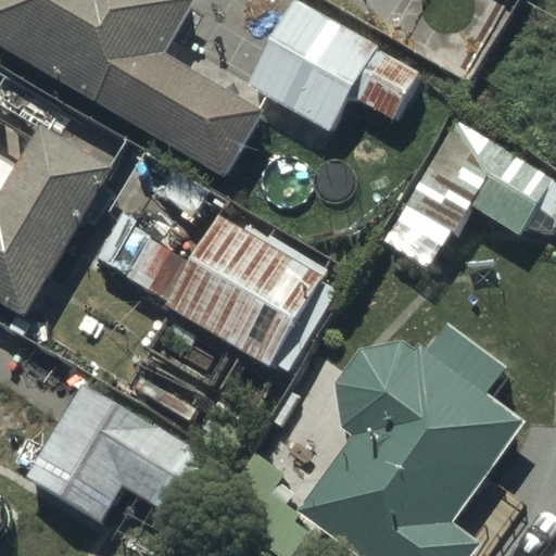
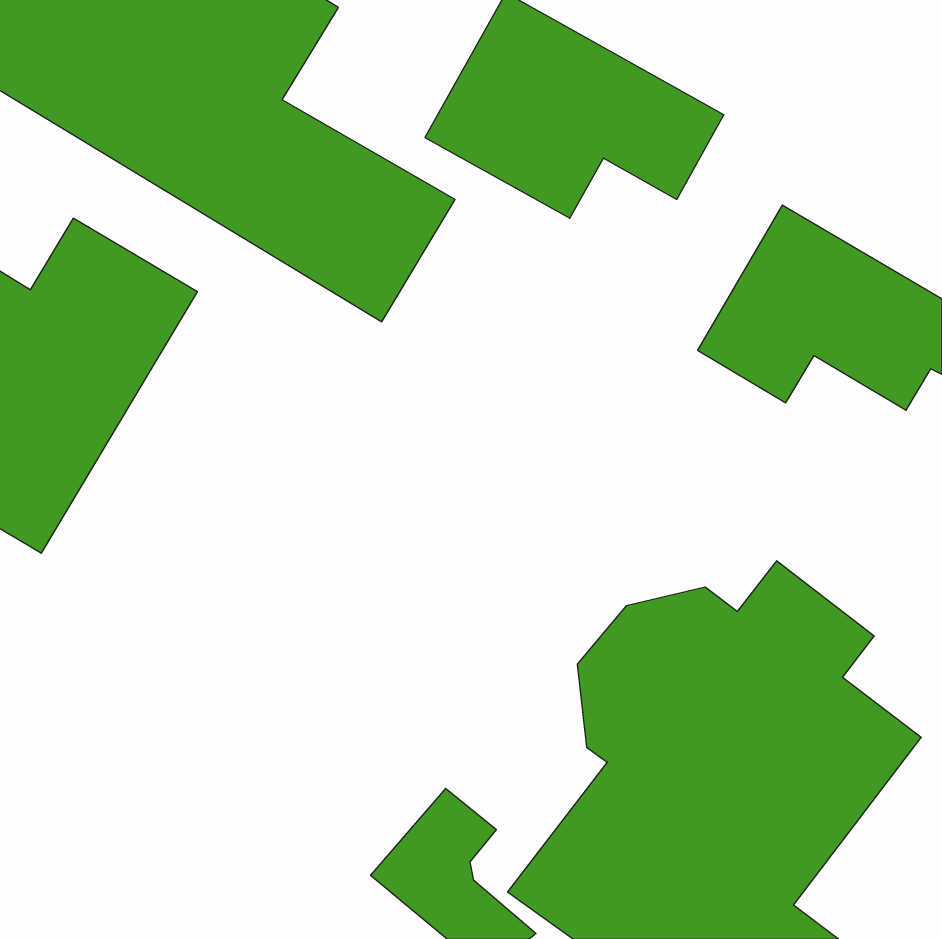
building: [91,213,338,376] -> none
building: [24,375,219,522] -> none

